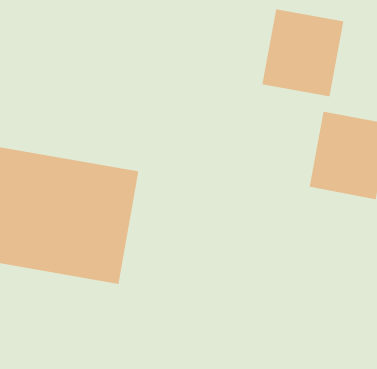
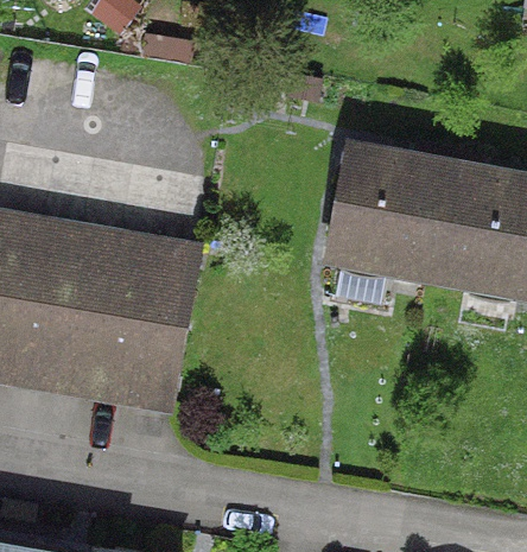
building: [262,9,344,97] -> [332,153,445,273]

